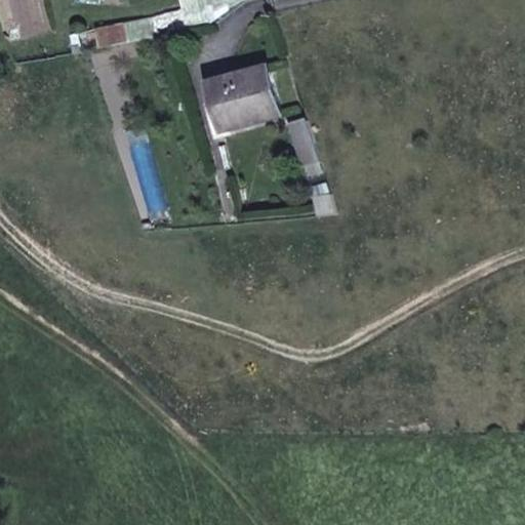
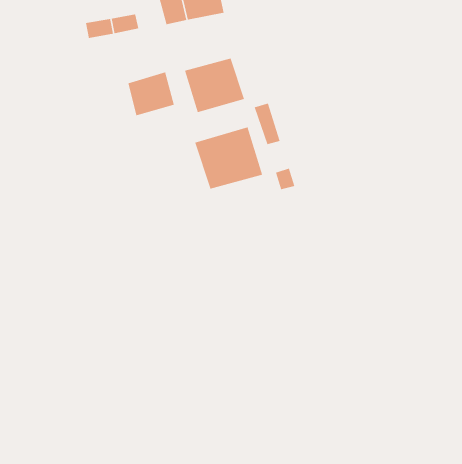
building: none -> [128,71,175,116]
building: none -> [195,127,263,189]

